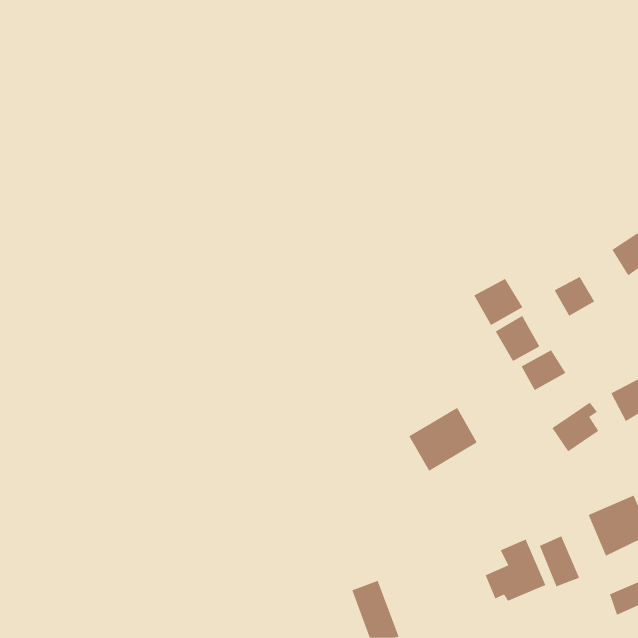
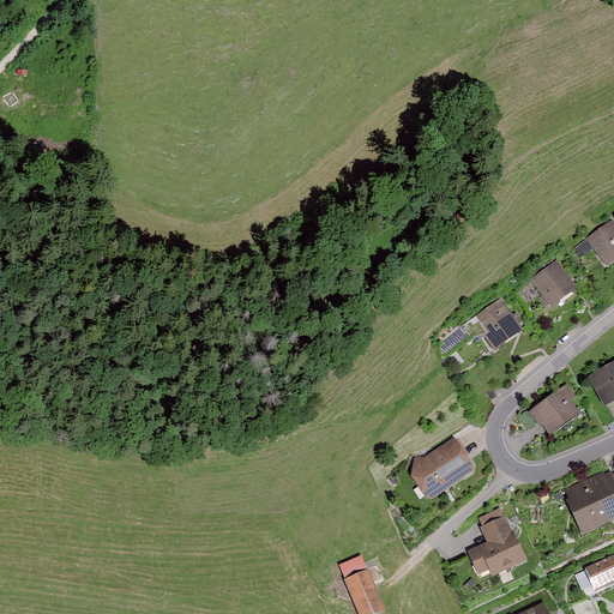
building: [474,278,523,326] -> none
building: [521,350,566,391] -> none
building: [409,407,478,471] -> [408,437,474,498]
building: [539,535,580,587] -> none

